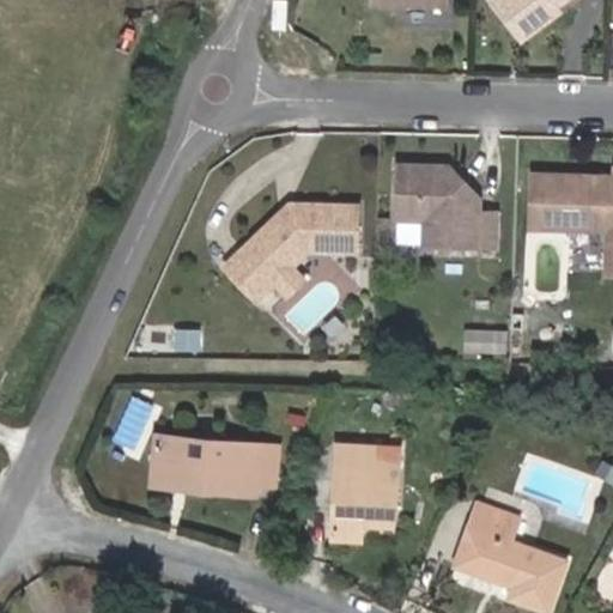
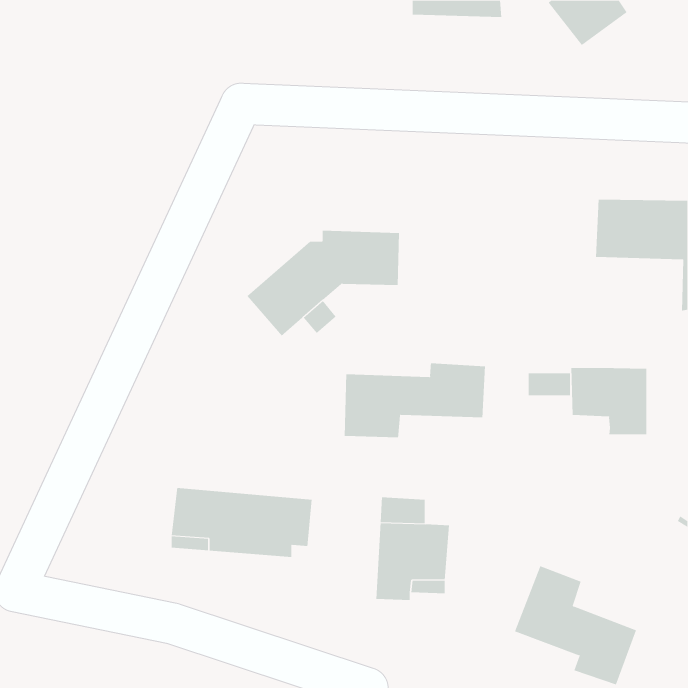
building: [394,164,493,247] -> none
building: none -> [344,362,486,438]
building: none -> [571,367,647,435]

